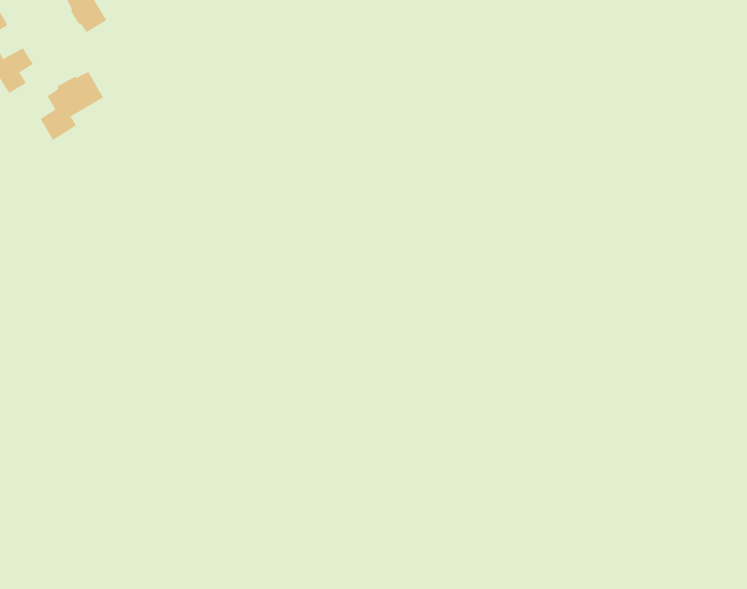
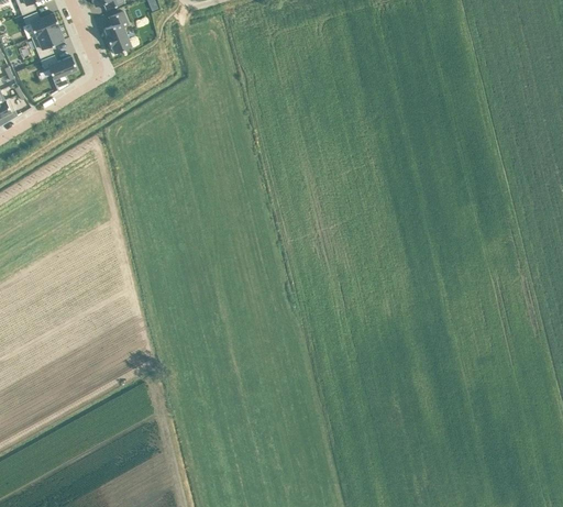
building: [40,71,104,141] -> none

